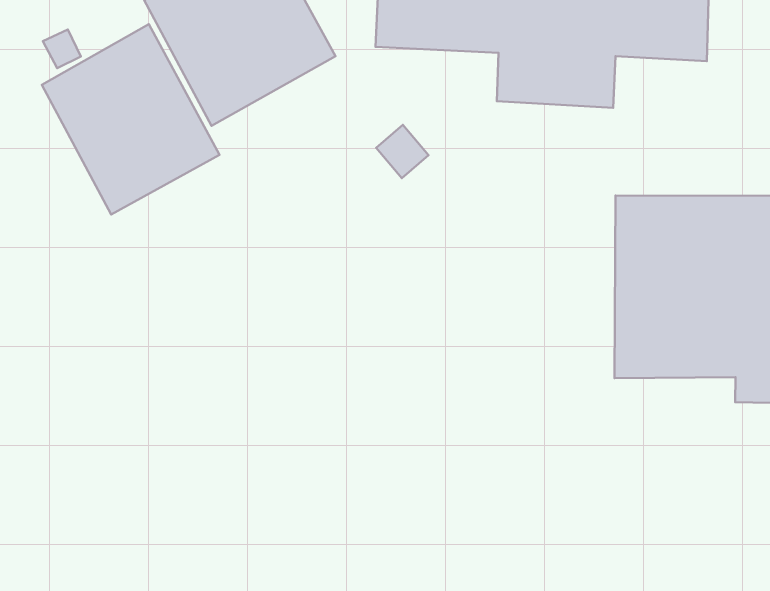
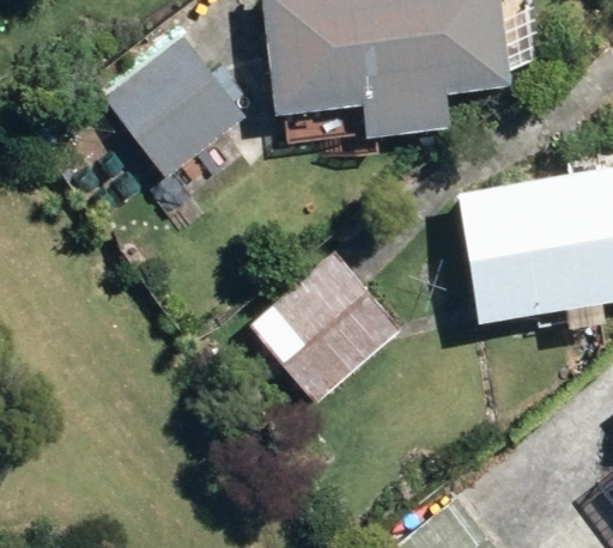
building: [42,24,220,215] -> none
building: none -> [249,252,401,404]

